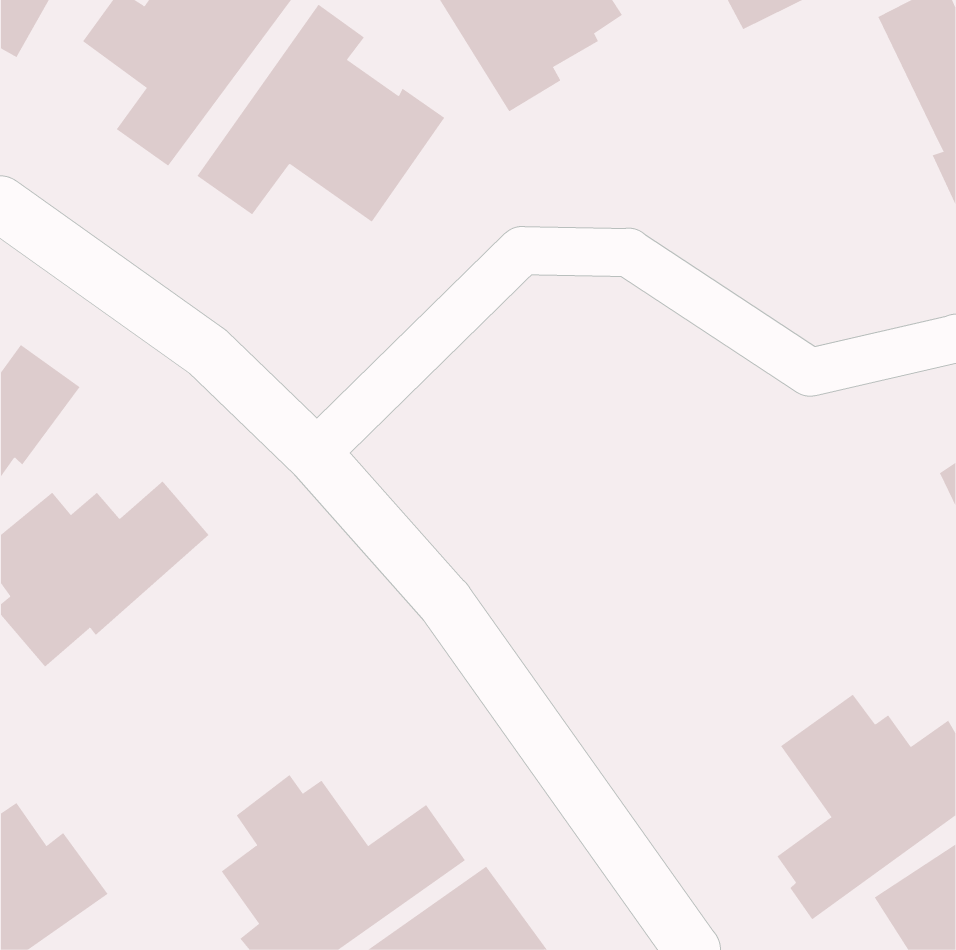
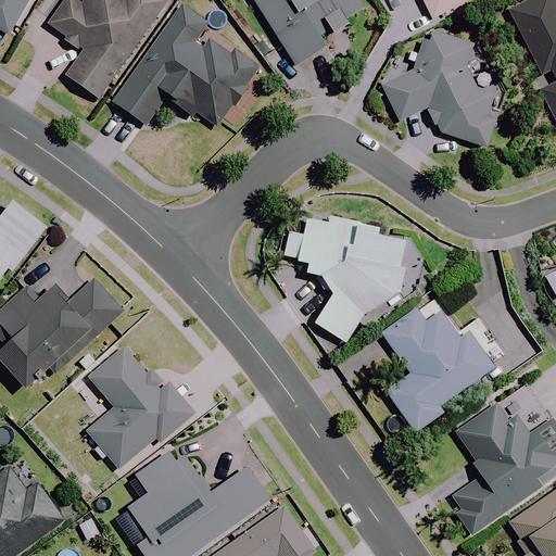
building: none -> [384,29,505,148]
building: none -> [287,213,408,341]
building: none -> [383,298,509,430]
building: none -> [88,348,193,468]

